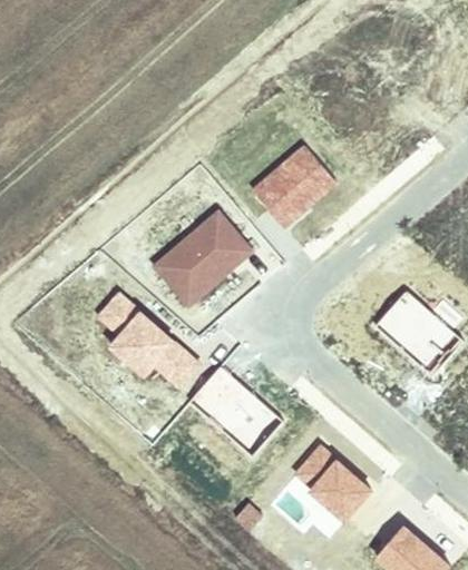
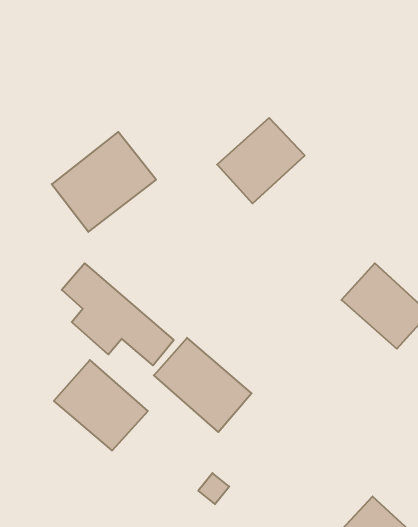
building: [149,208,254,308] -> [52,132,156,232]
building: none -> [54,360,148,451]
building: [292,444,369,519] -> none

